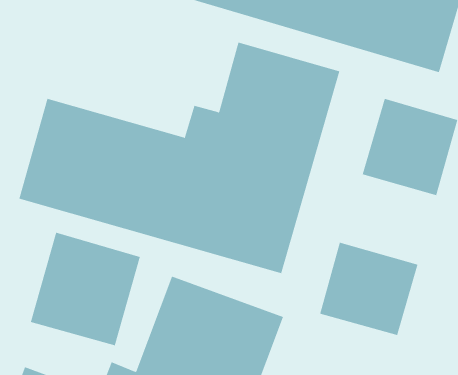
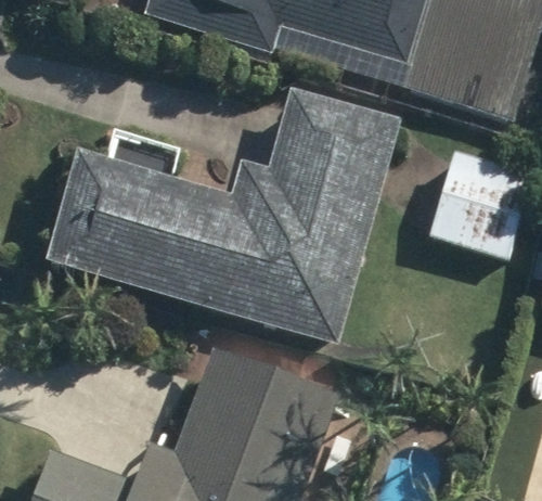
building: [30,232,140,346] -> none
building: [320,242,418,336] -> none

